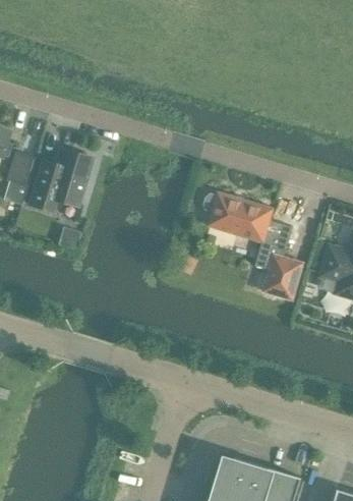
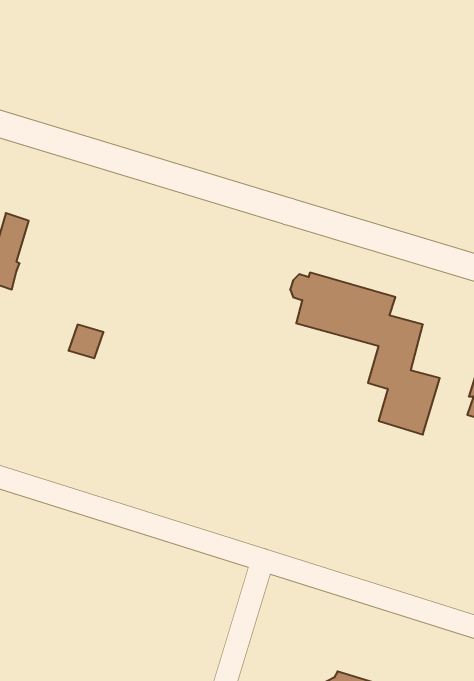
building: [25,148,90,212] -> none

